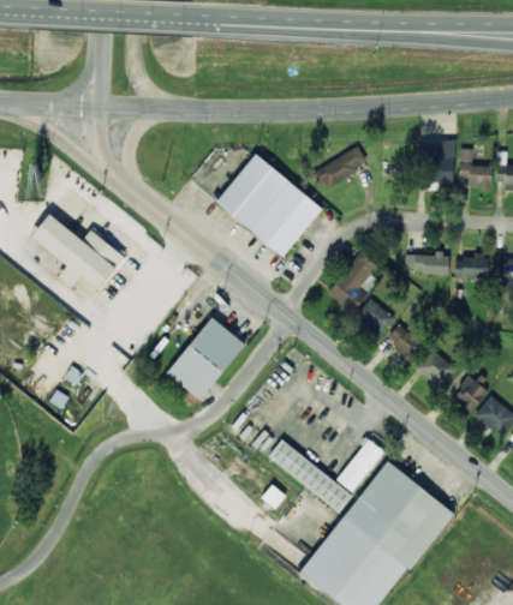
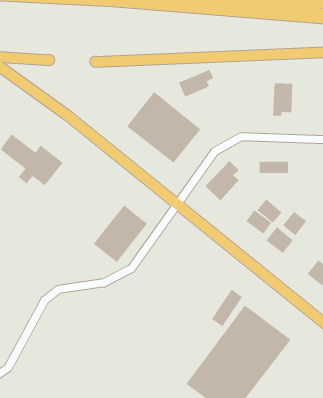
building: [314,148,365,188] -> [178,69,214,97]
building: [459,148,491,188] -> none
building: [454,252,482,277] -> none
building: [357,298,394,334] -> [257,198,282,224]
building: [452,376,488,412] -> [282,211,307,236]
building: [268,438,351,511] -> none

